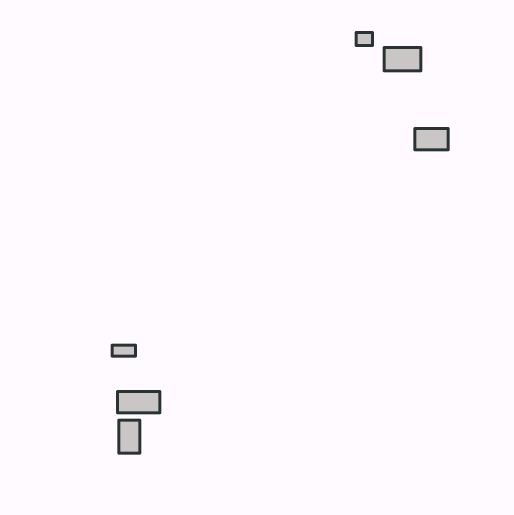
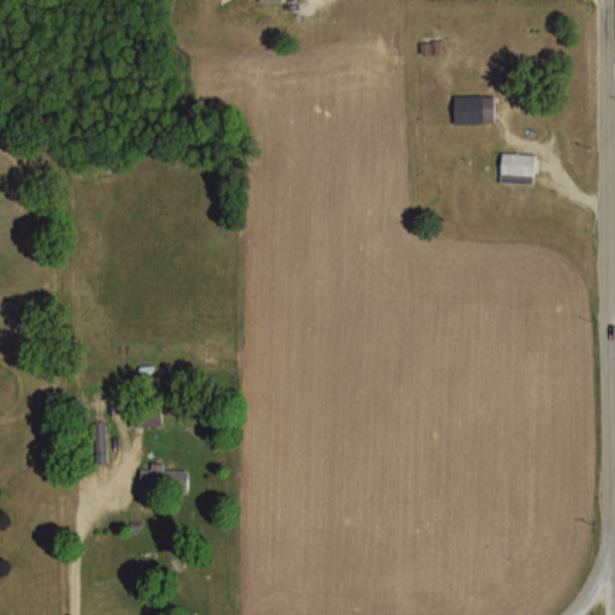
building: [384,48,421,71] -> [455,97,498,125]
building: [119,420,140,453] -> none

